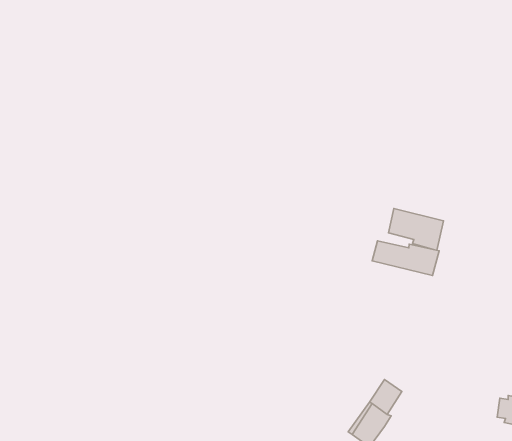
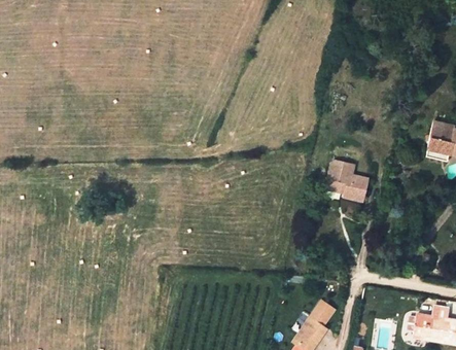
building: [372,241,439,276] -> none

